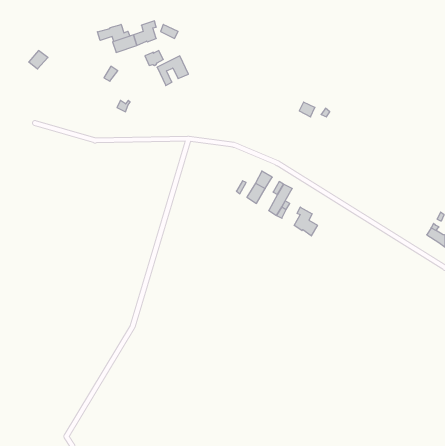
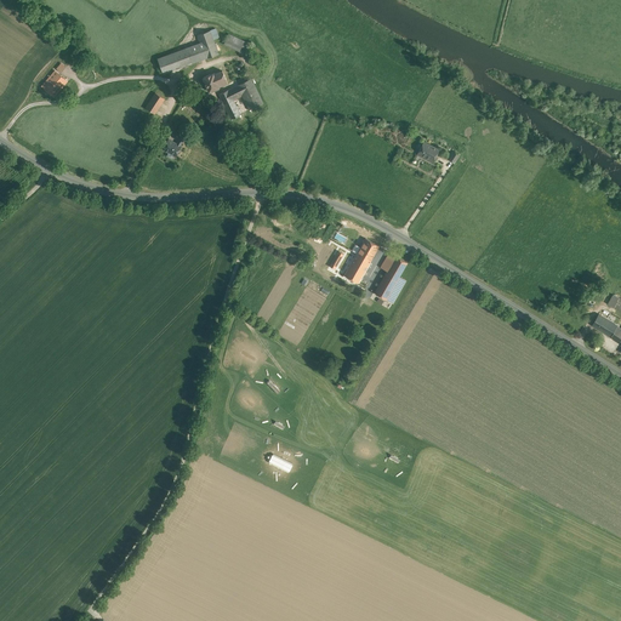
building: [97,24,130,41] -> none
building: [294,207,317,236] -> none

